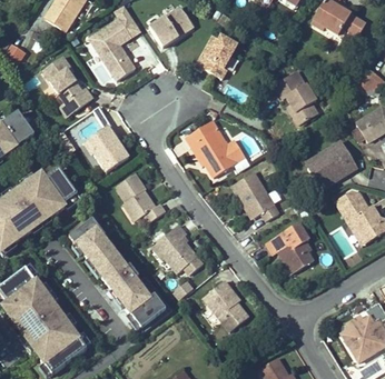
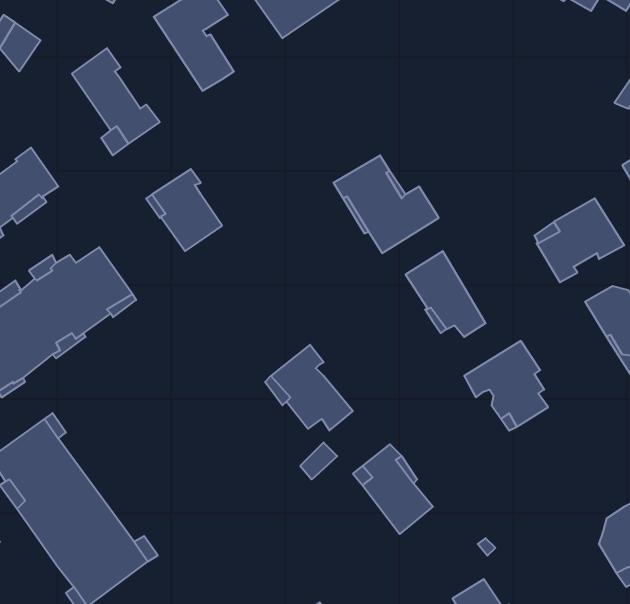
building: [194,33,239,81] -> none
building: [275,72,318,124] -> none
building: [116,173,165,222] -> none
building: [69,219,172,335] -> none

